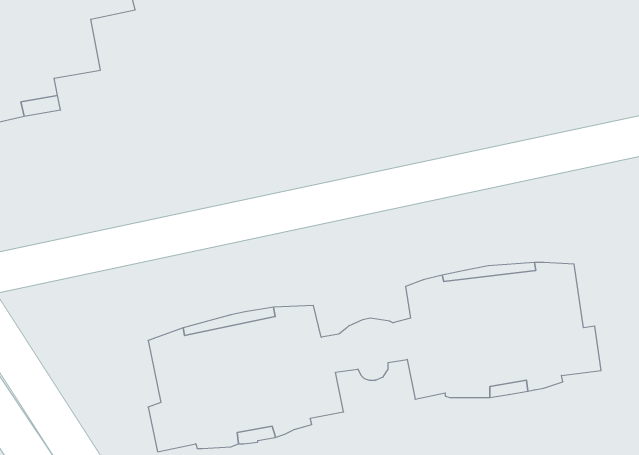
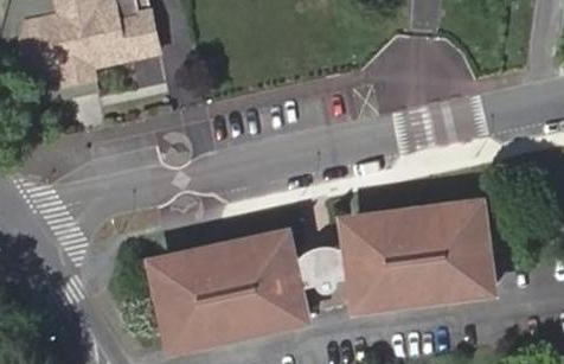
building: none -> [121,13,161,58]

